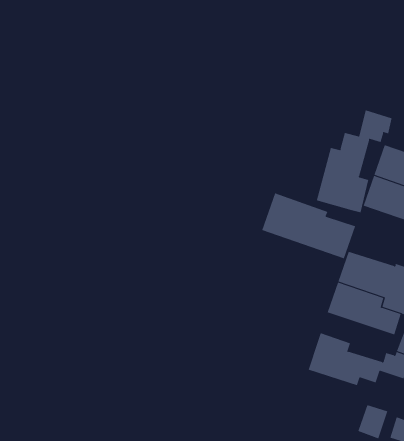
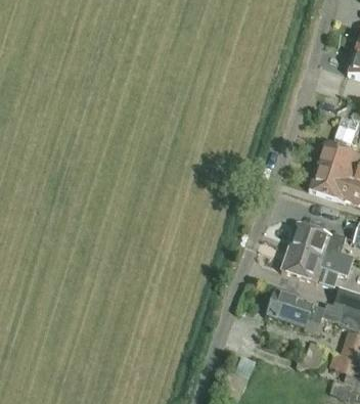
building: [316,110,392,213] -> none
building: [261,193,356,259] -> none

